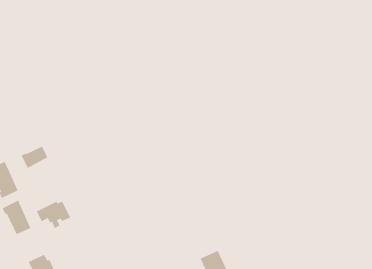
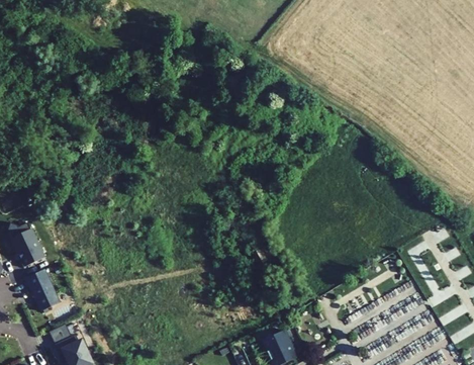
building: [21,146,48,169] -> none
building: [36,201,71,229] -> none

